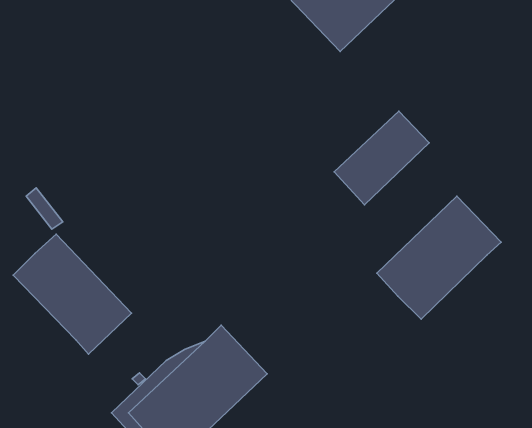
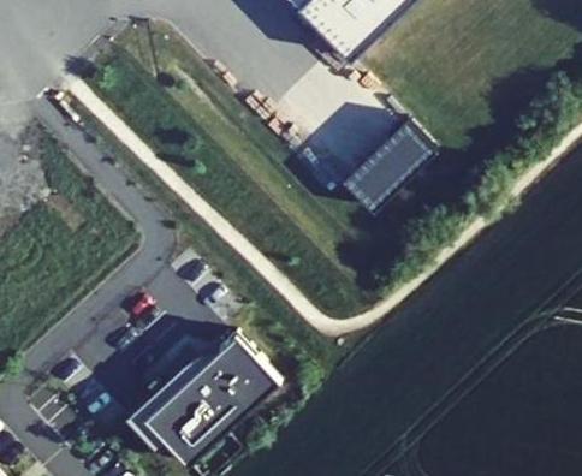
building: [377,196,501,319] -> none
building: [13,234,132,354] -> none

